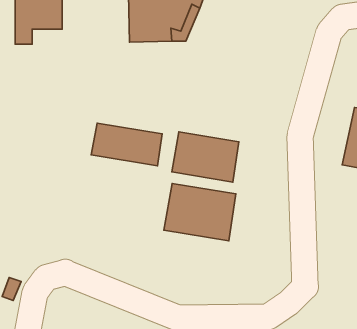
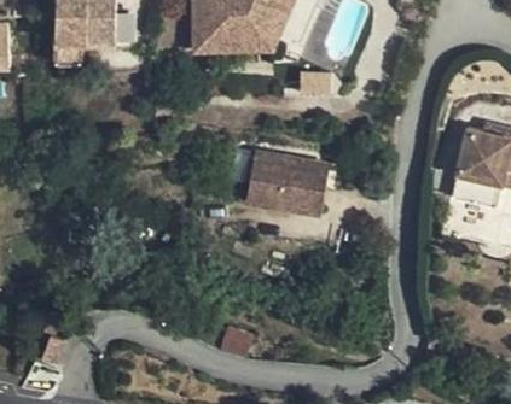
building: [91,123,162,166] -> none
building: [164,184,236,241] -> none

